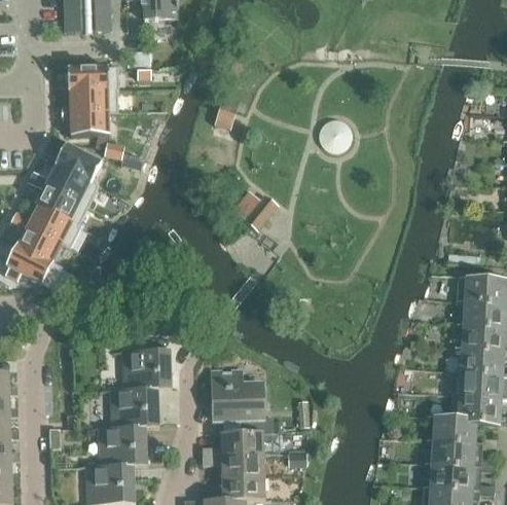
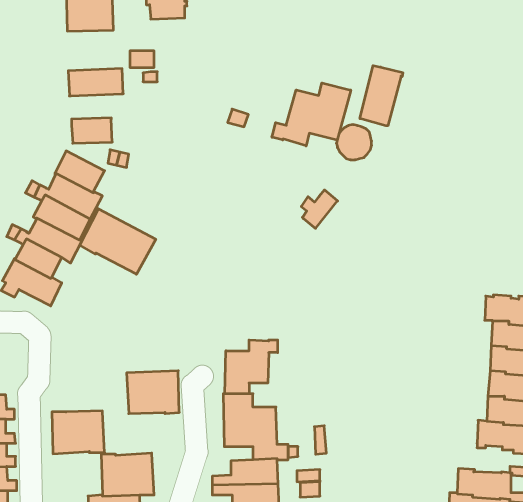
building: none -> [360,66,403,126]
building: none -> [272,83,351,146]
building: [61,89,117,119] -> none
building: [243,194,277,230] -> [301,190,338,228]
building: none -> [80,209,156,274]
building: none -> [225,340,278,394]
building: [110,388,159,428] -> [52,411,105,454]
building: [432,416,483,444] -> none

